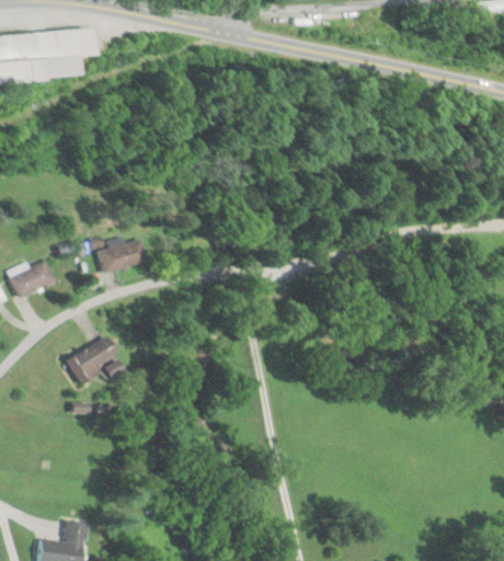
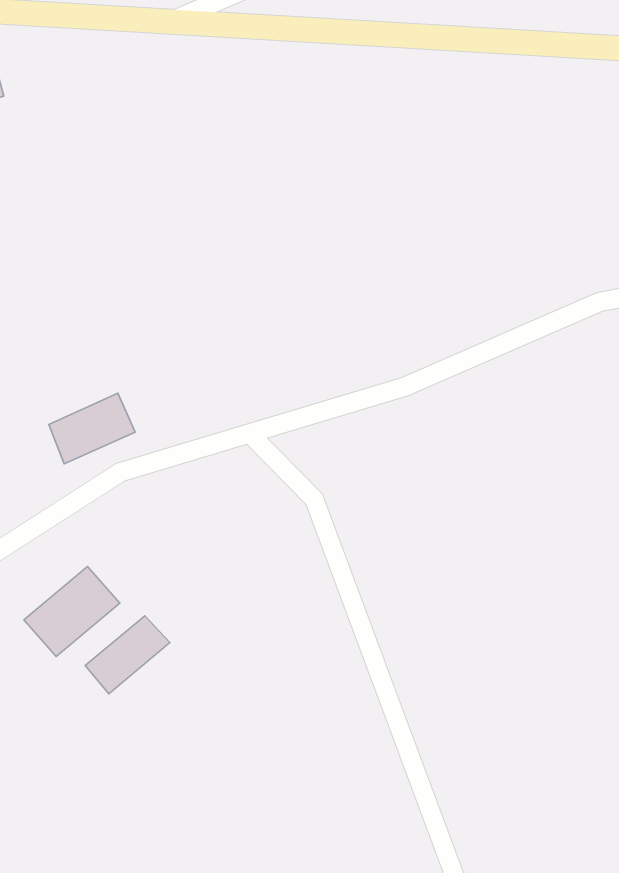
building: none -> [85,616,170,694]

